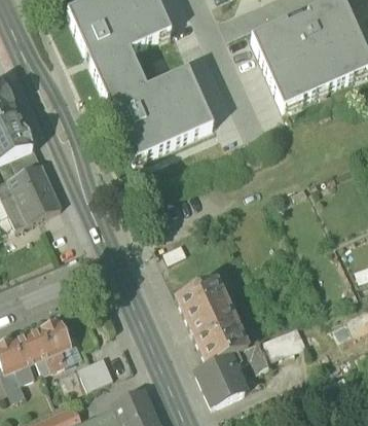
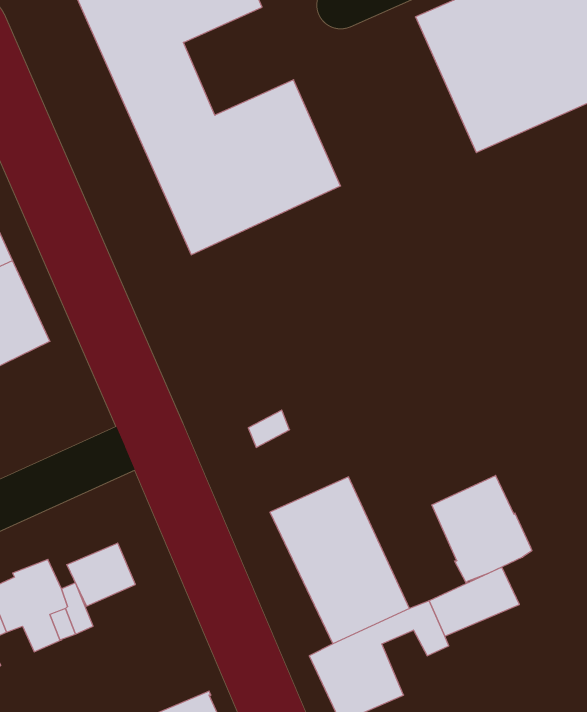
building: none -> [432,475,532,583]
building: [78,354,114,387] -> [67,543,135,606]

